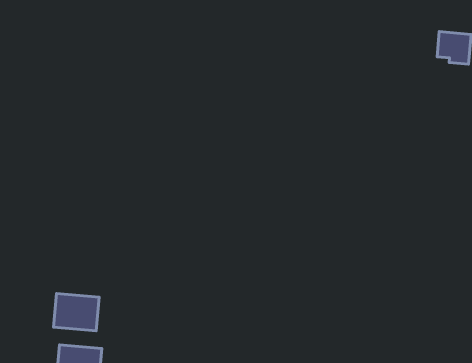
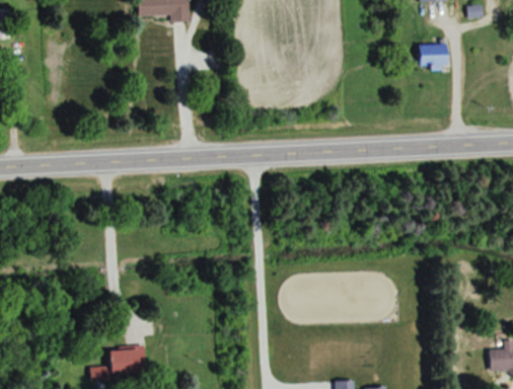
building: [53,293,99,331] -> none

